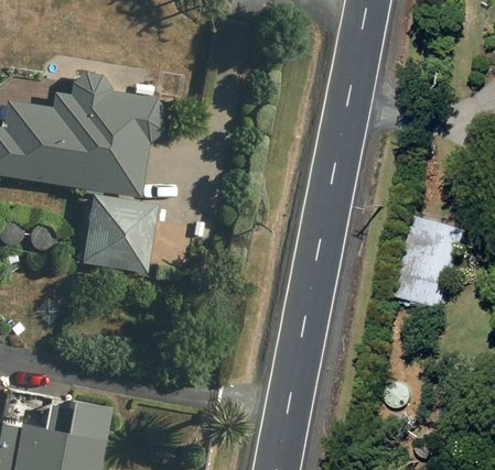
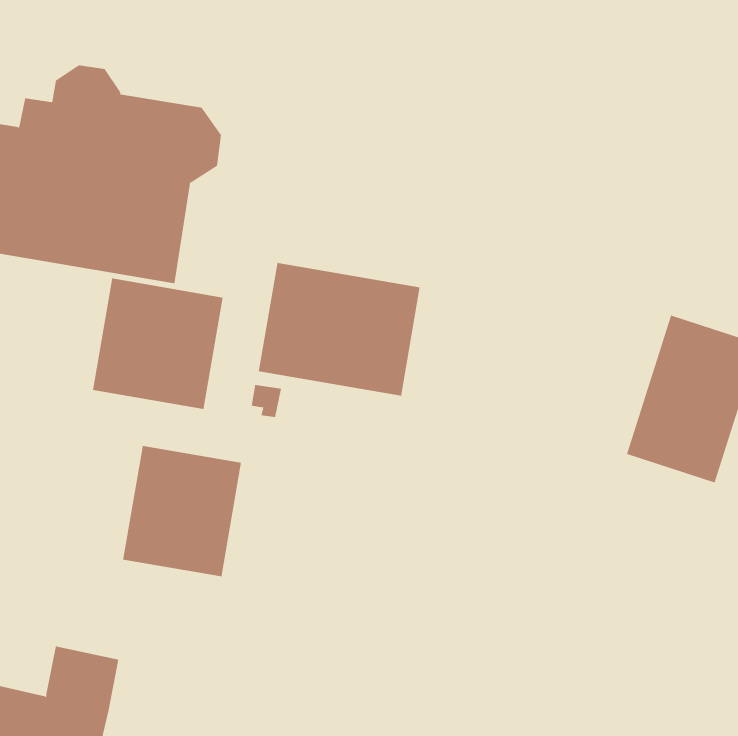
building: none -> [258,262,420,397]
building: none -> [123,445,242,577]

